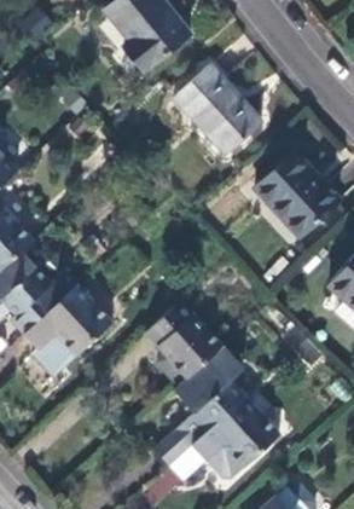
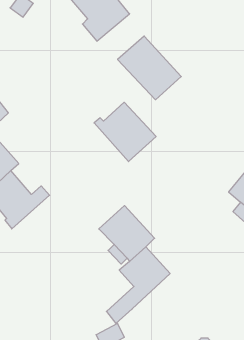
building: [250,152,337,236] -> [94,102,156,162]
building: [23,287,114,359] -> none
building: [192,398,280,481] -> none

